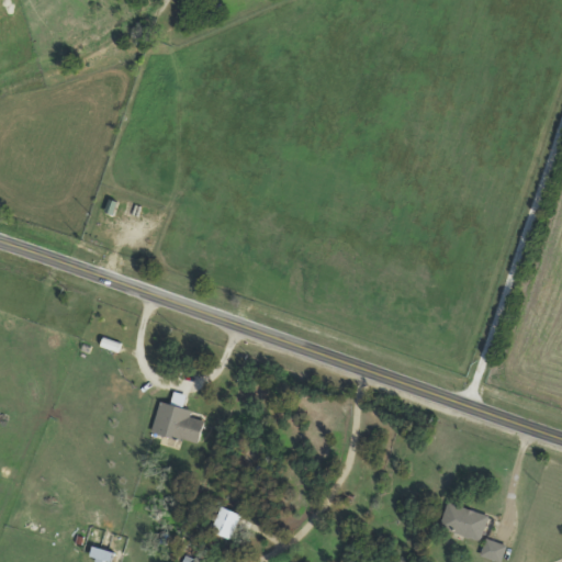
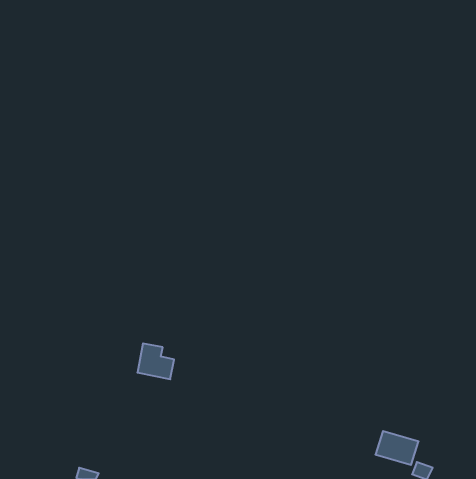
building: [210,506,241,540] -> none

